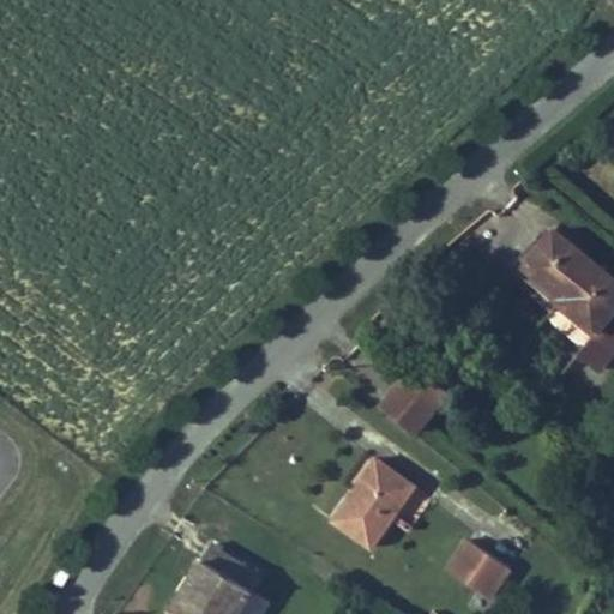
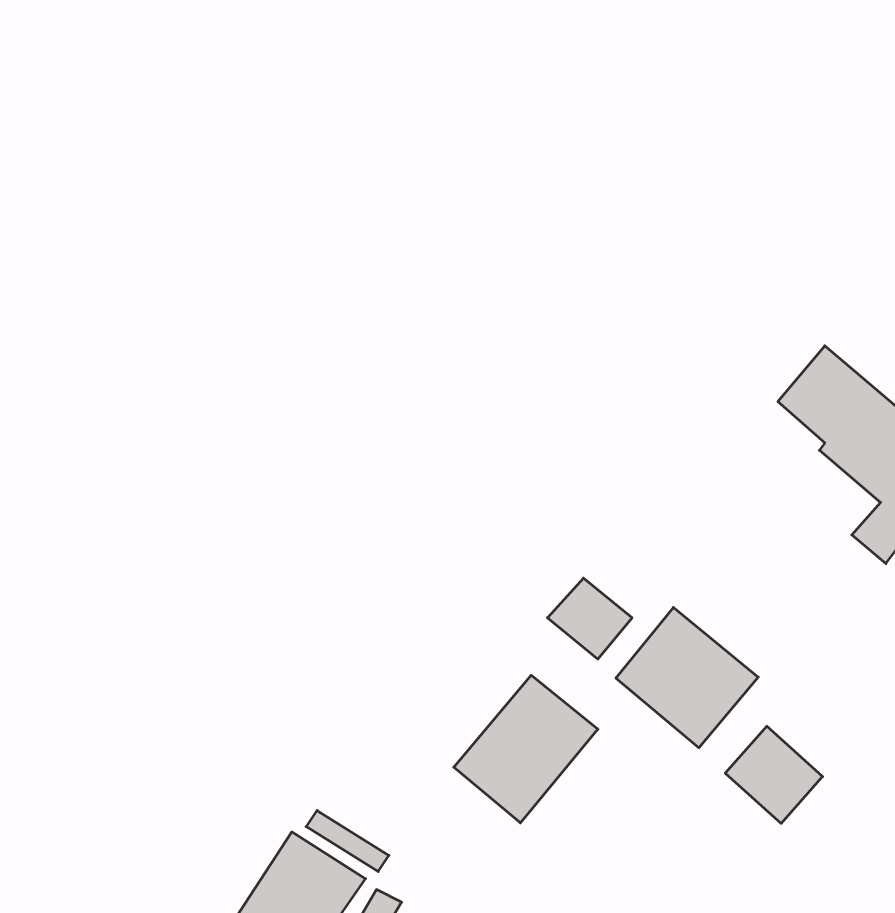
building: [514,227,566,311] -> none
building: none -> [616,607,758,748]
building: [446,537,511,602] -> [725,726,823,823]

